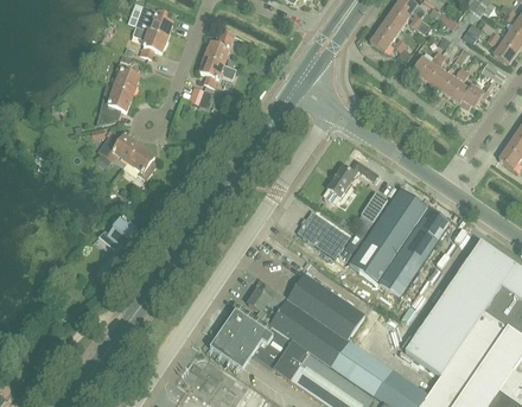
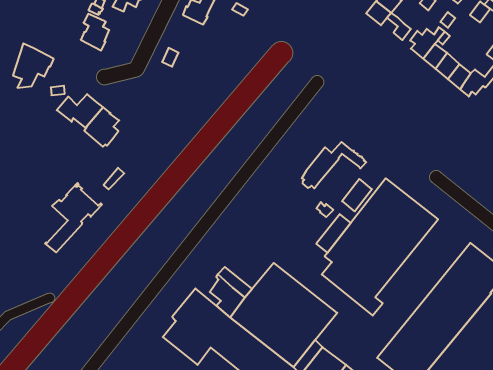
building: [200,56,236,85] -> none
building: [98,82,134,122] -> [13,43,54,88]
building: [298,210,350,257] -> none

